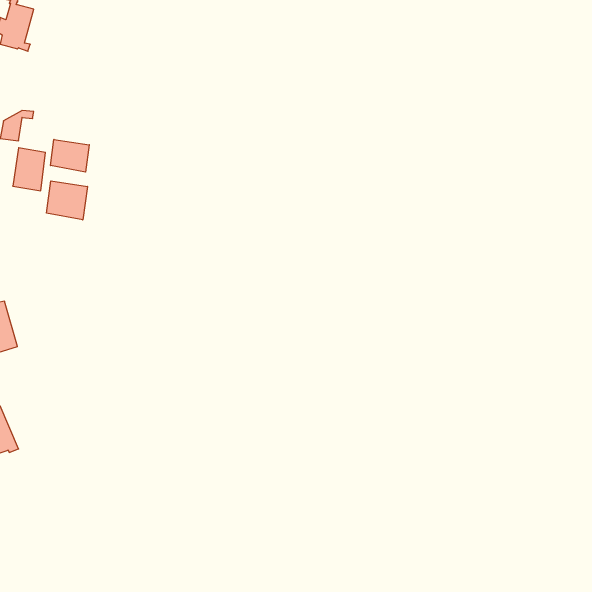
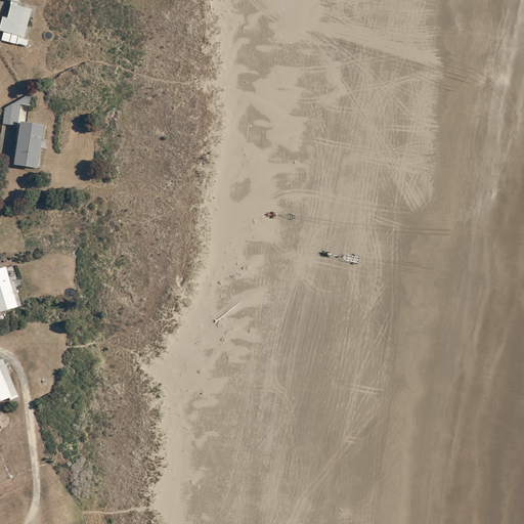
building: [51,139,89,172] -> none
building: [47,181,87,220] -> none

